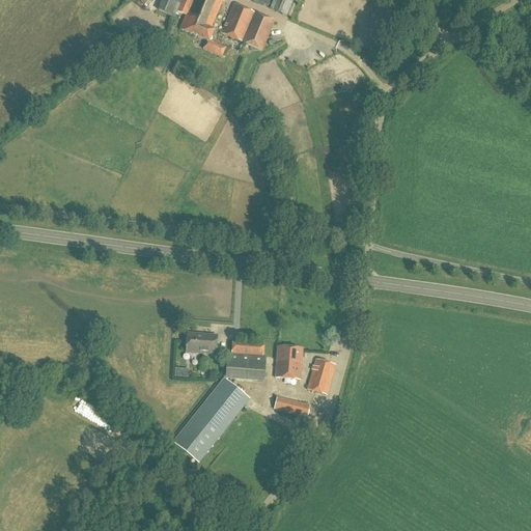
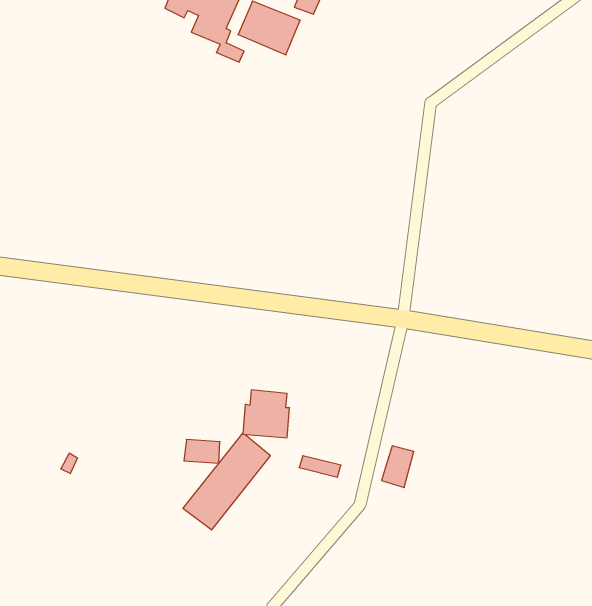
building: [186,331,217,352] -> [184,439,220,463]
building: [275,344,302,378] -> none
building: [307,357,335,393] -> [382,446,414,488]

